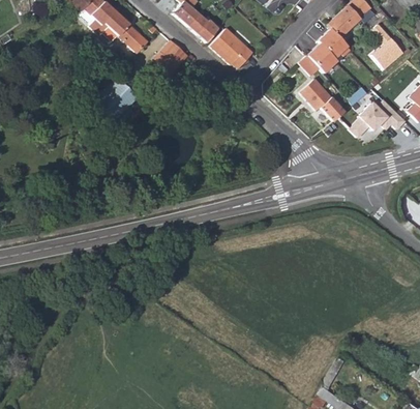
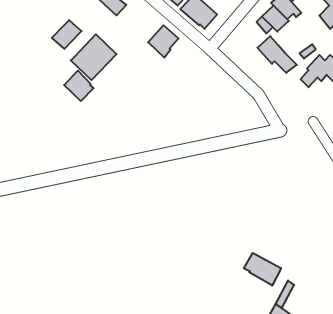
building: [153,40,188,78] -> [148,25,179,58]
building: none -> [52,20,82,49]
building: none -> [64,71,94,101]
building: none -> [244,253,281,286]

